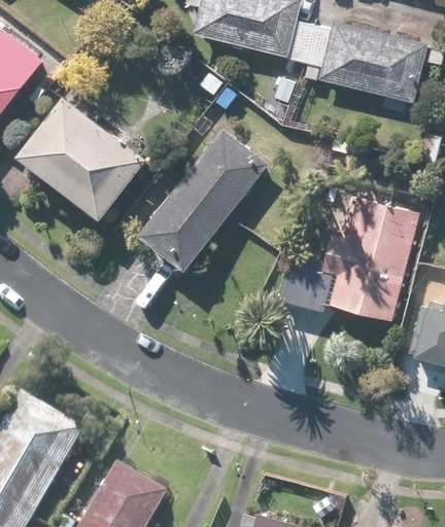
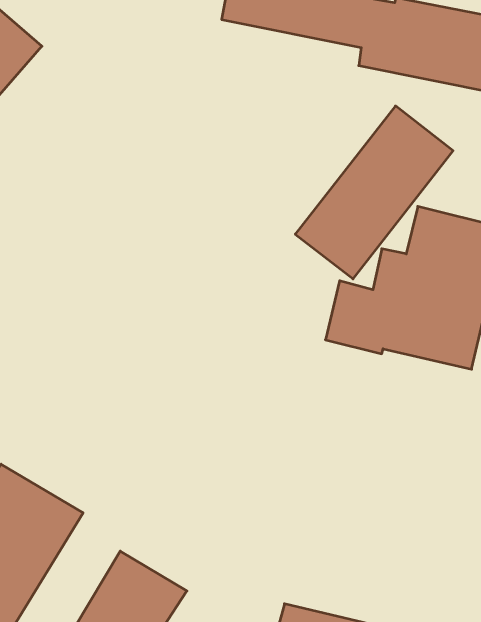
building: [20,94,148,217] -> none
building: [141,128,268,267] -> [295,106,453,279]

